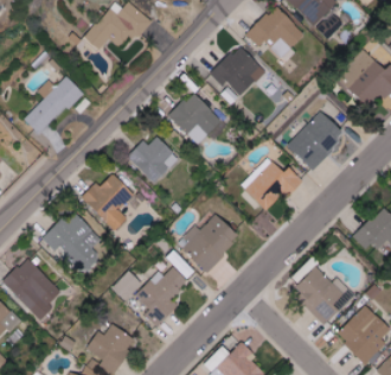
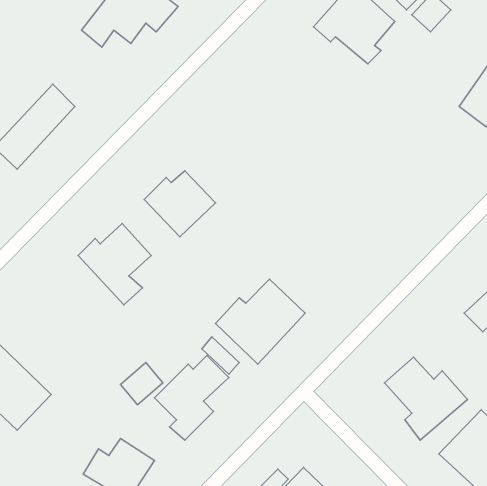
building: [210,45,264,96] -> none
building: [167,93,219,145] -> none
building: [287,110,346,169] -> none
building: [241,157,300,212] -> none
building: [41,216,101,272] -> none

